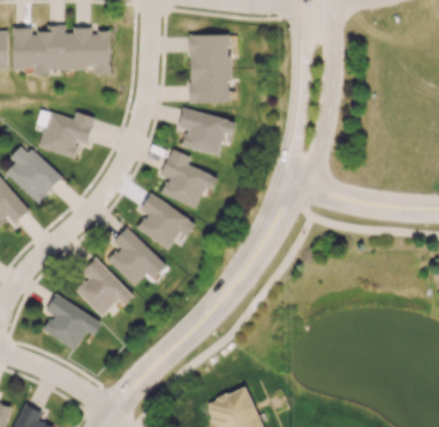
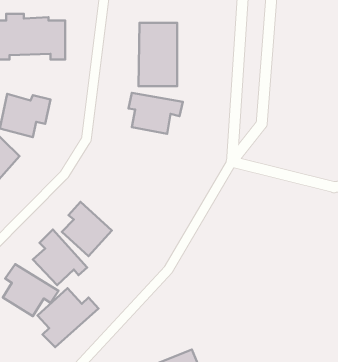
building: [160,148,218,209] -> none
building: [138,193,196,249] -> none
building: none -> [37,288,98,347]

